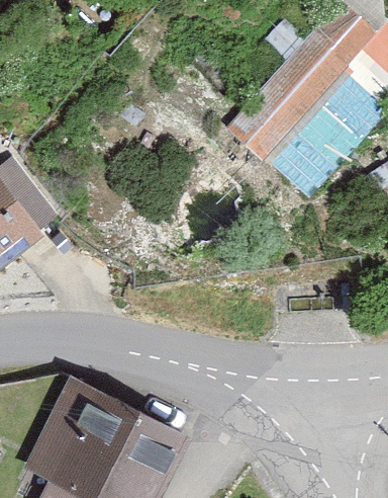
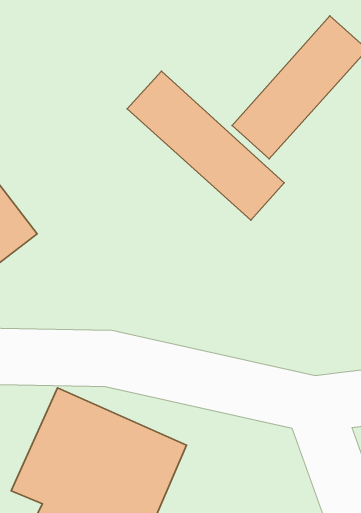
building: none -> [127,71,284,220]

